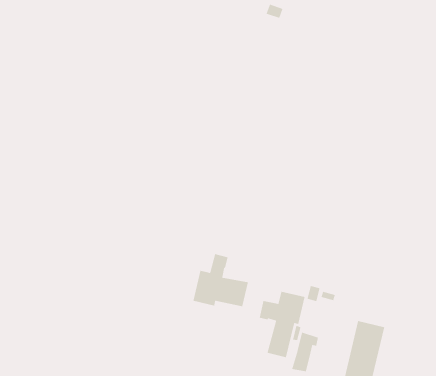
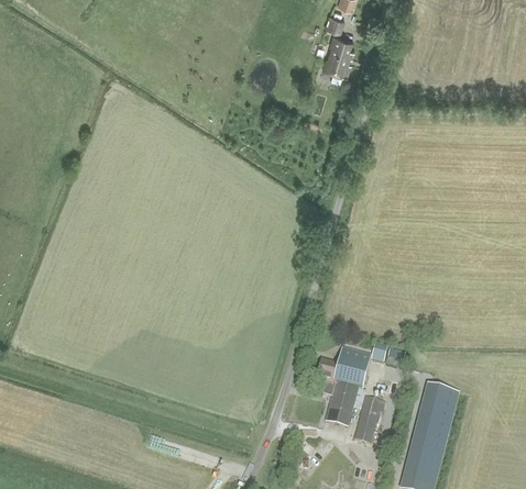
building: none -> [320,34,351,81]
building: [192,253,249,307] -> none

